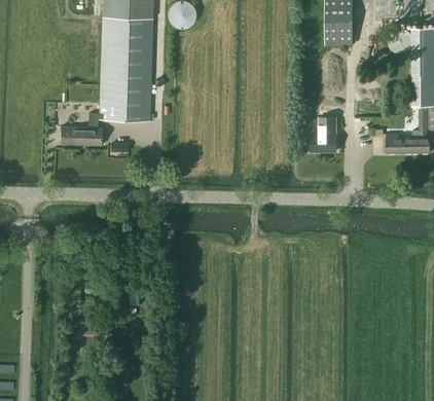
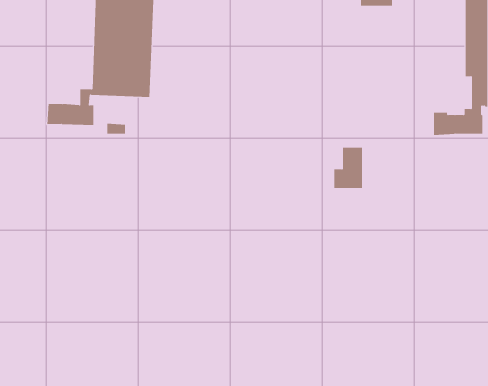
building: [311,116,335,151] -> [333,147,363,188]

